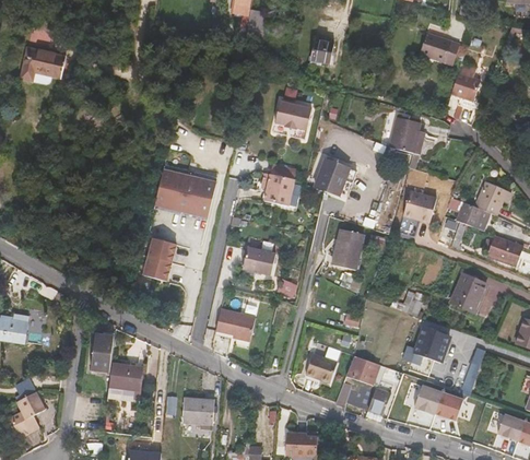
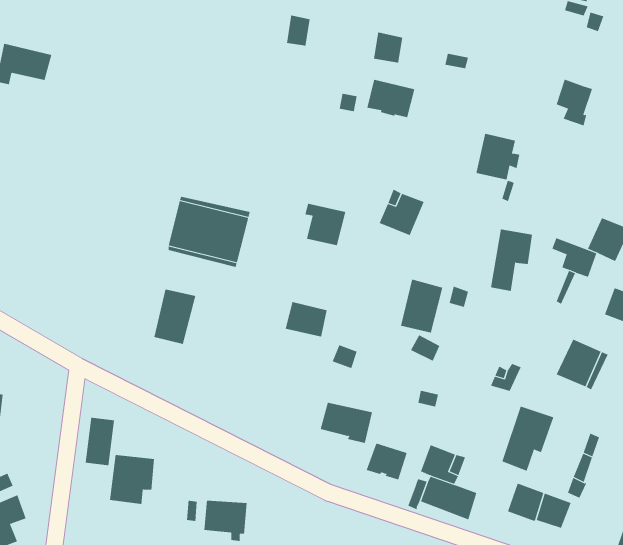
building: [419,33,450,62] -> none
building: [274,102,311,131] -> [367,79,415,118]
building: [213,316,254,347] -> [320,402,373,444]

